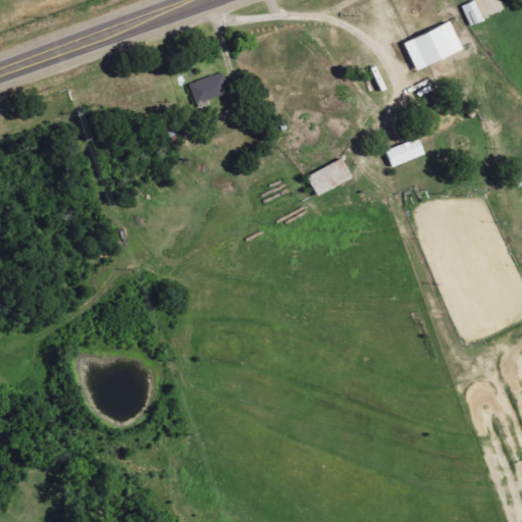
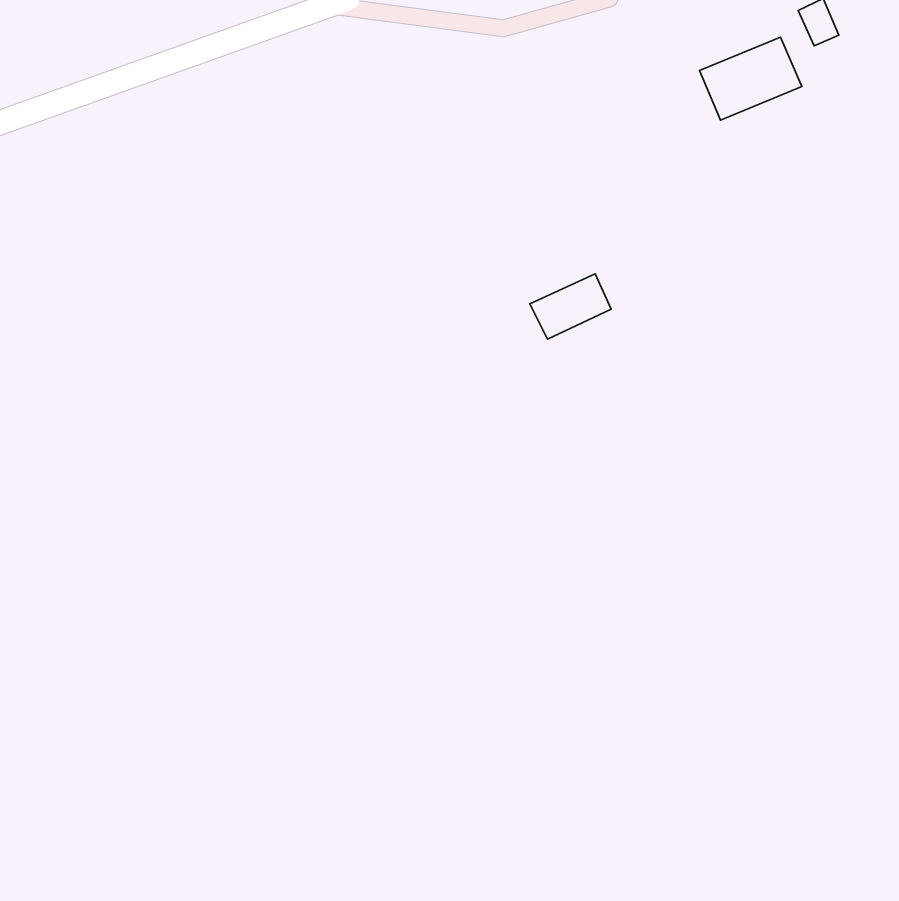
building: [189,72,230,104] -> none
building: [385,138,425,166] -> none

